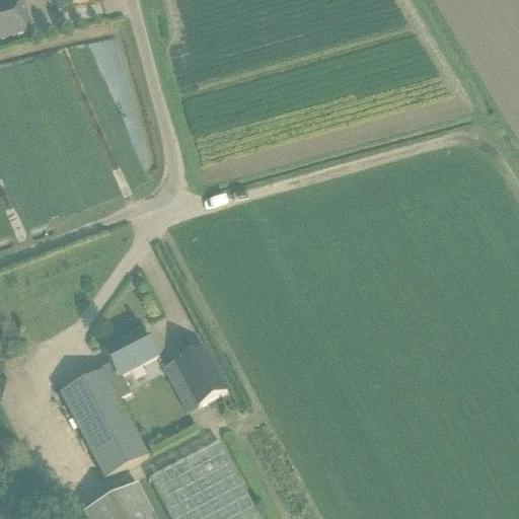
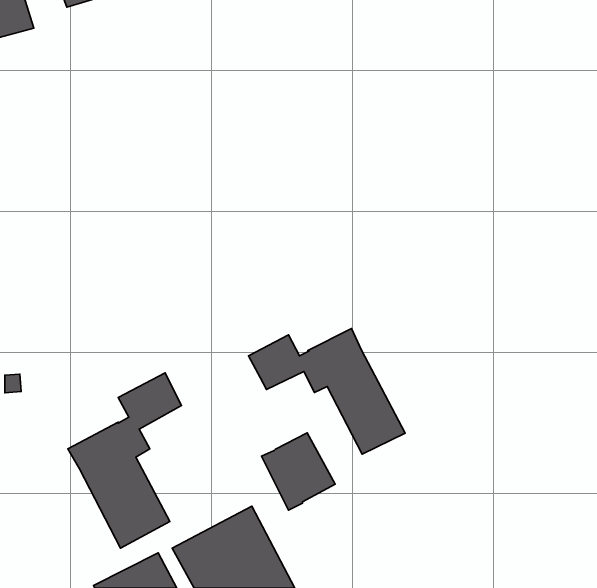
building: none -> [248,328,405,454]
building: [162,343,226,410] -> [261,433,335,510]

